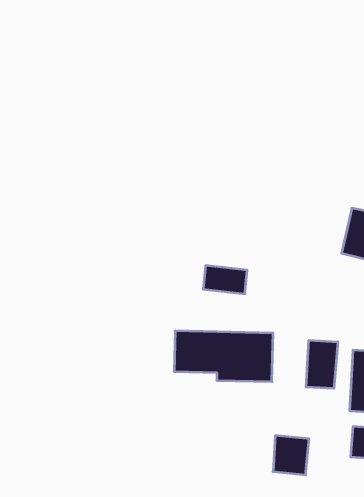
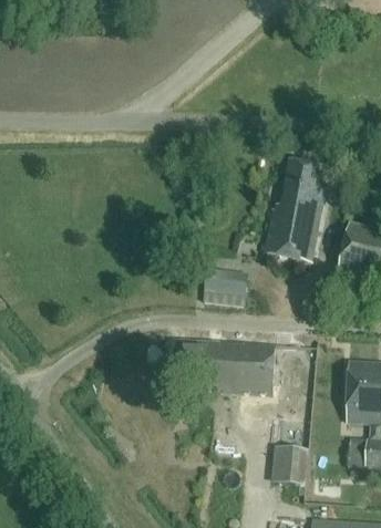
building: none -> [262,159,329,260]
building: [306,340,338,388] -> none

